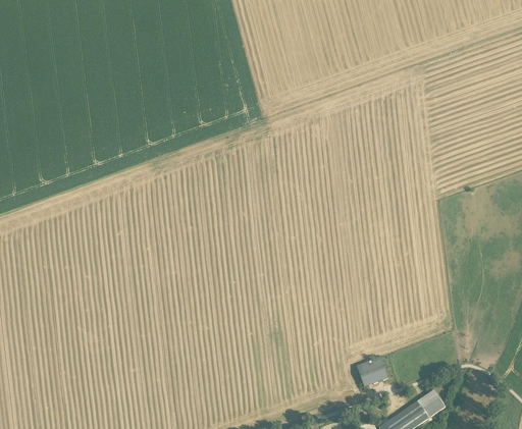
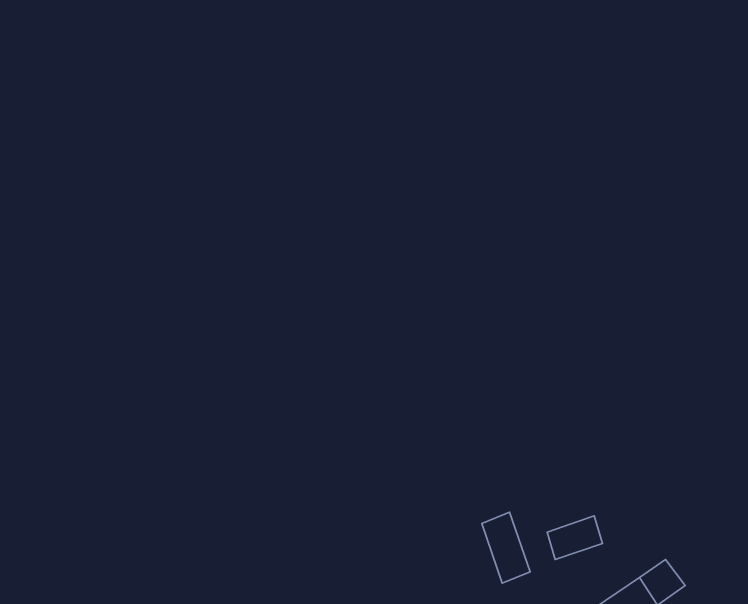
building: none -> [482,512,530,583]

